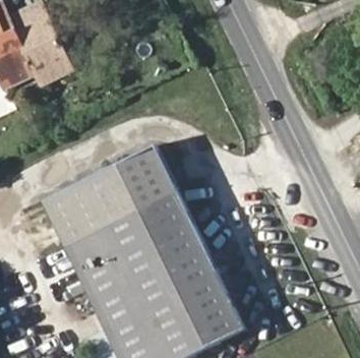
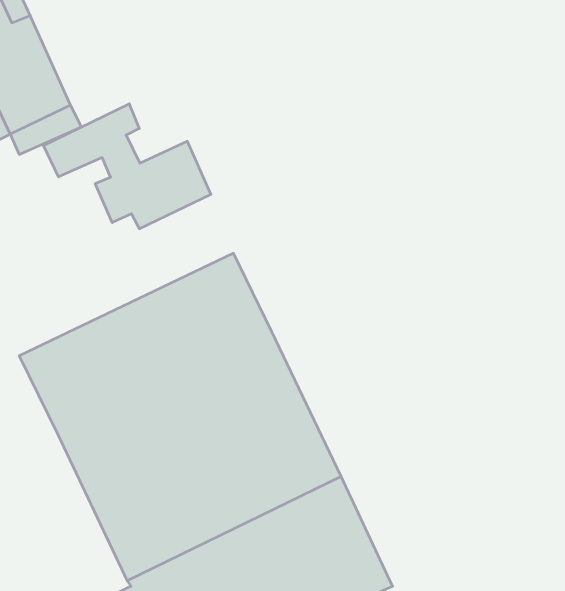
building: none -> [44,104,211,229]

